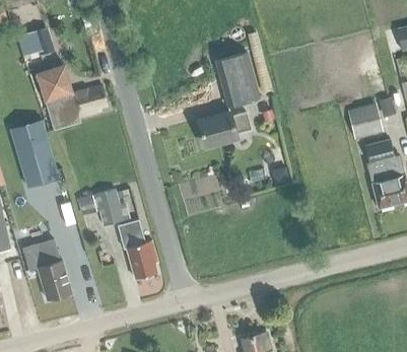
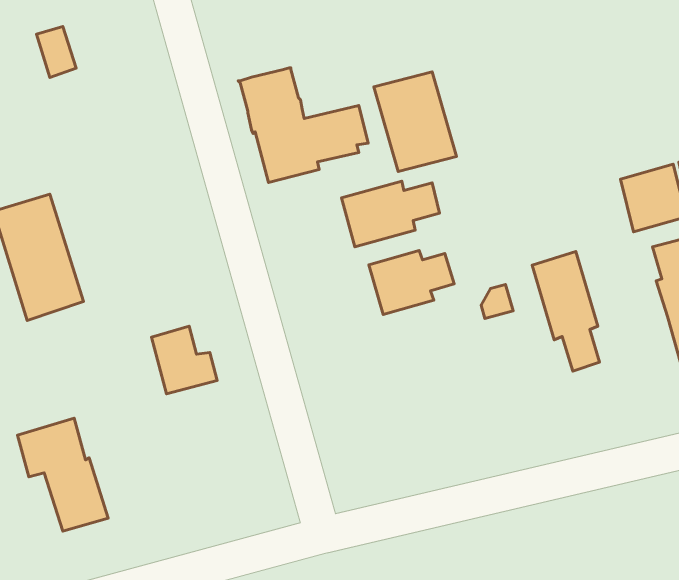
building: [36,66,106,128] -> [238,68,368,183]
building: none -> [369,250,454,314]
building: none -> [532,252,599,371]
building: [117,219,157,278] -> none

